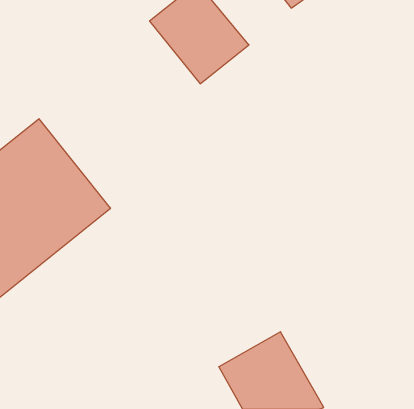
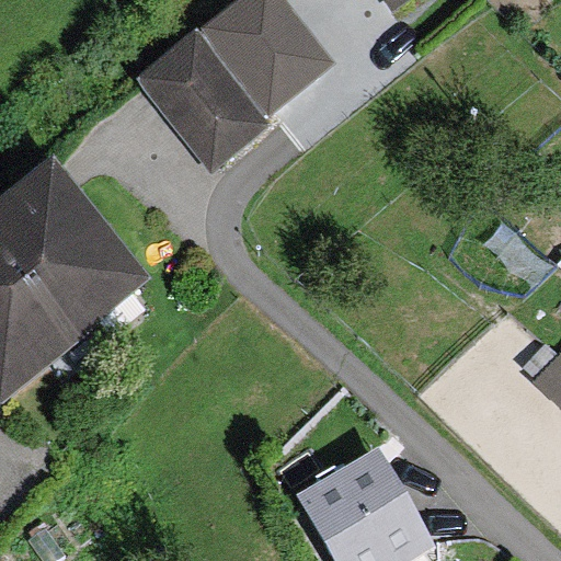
building: none -> [136,31,271,171]

